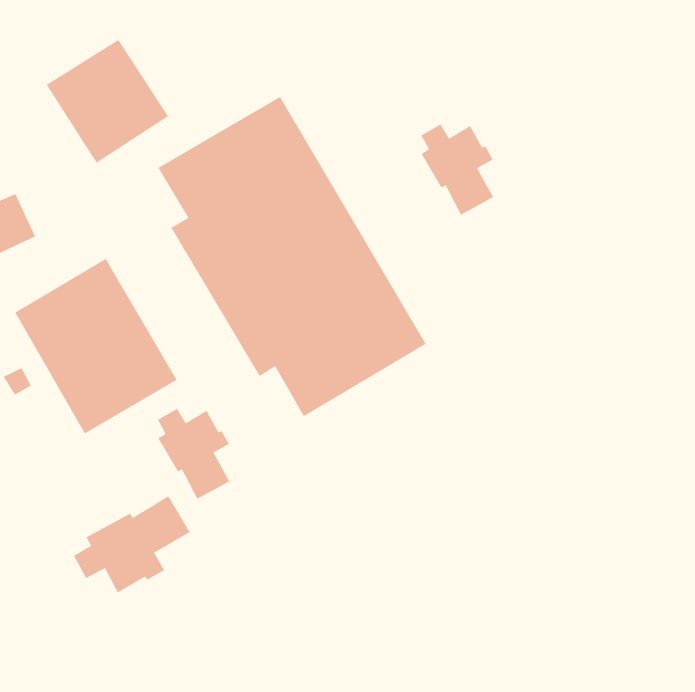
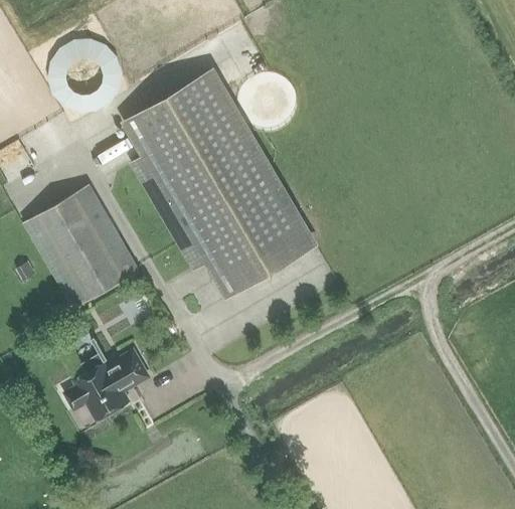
building: [420,123,496,215] -> none
building: [157,408,232,499] -> none

